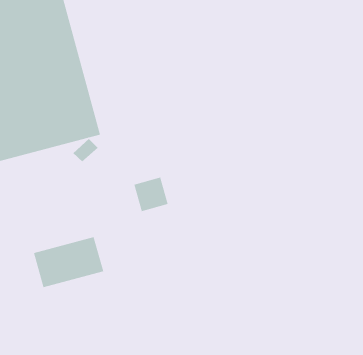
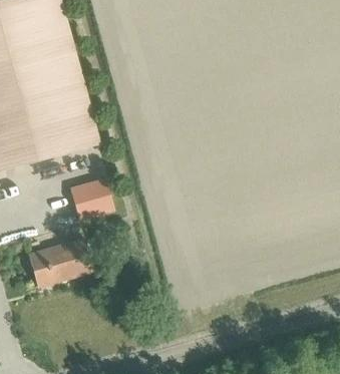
building: [133,177,168,212] -> [74,182,106,215]

